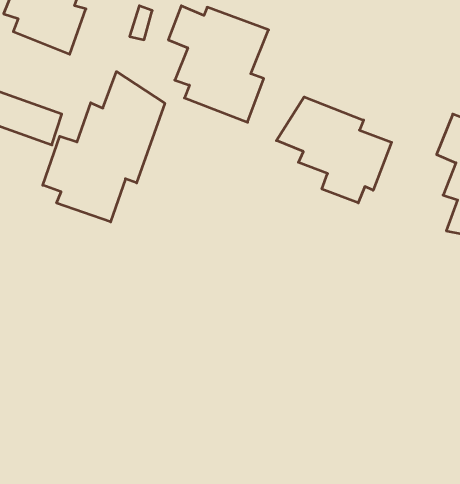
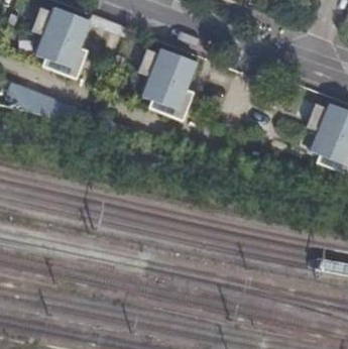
building: [43,72,165,222] -> none
building: [276,97,392,203] -> none

